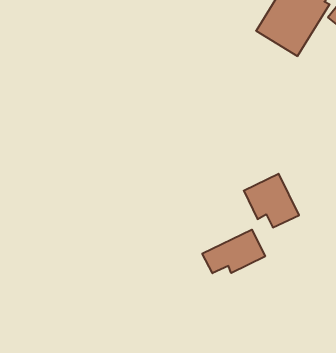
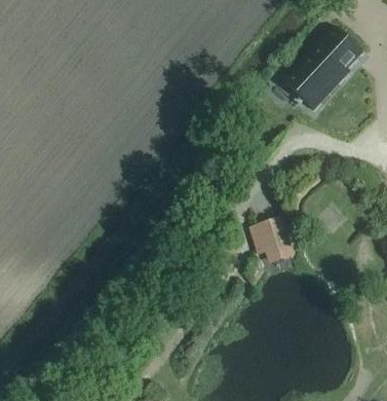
building: [202,230,265,273] -> none

